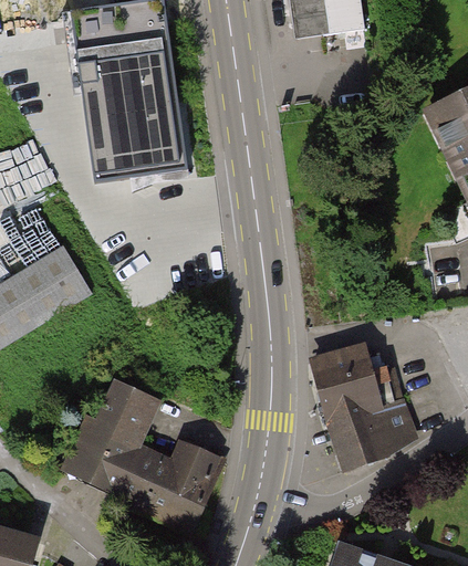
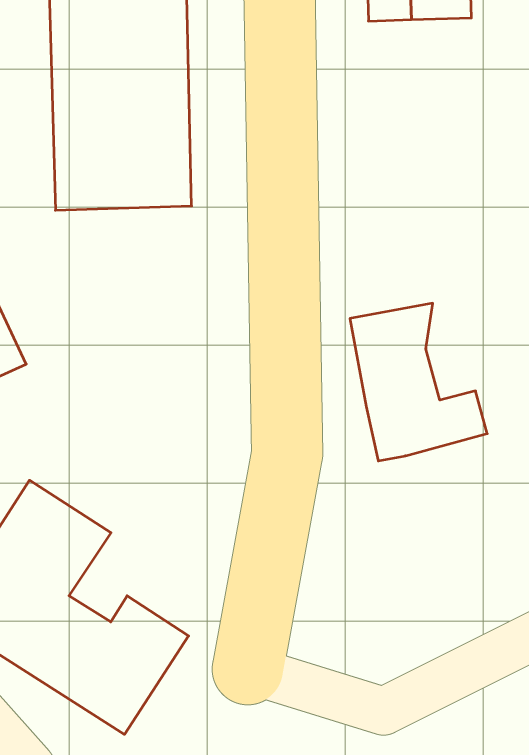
building: [313,346,414,455] -> [350,303,487,461]

